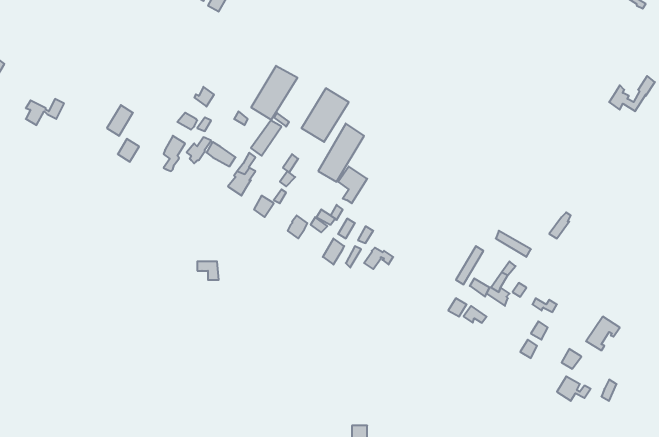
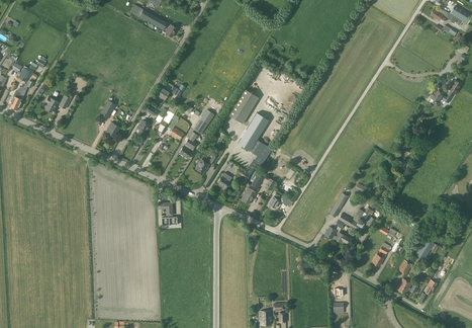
building: [251,66,297,120] -> none

